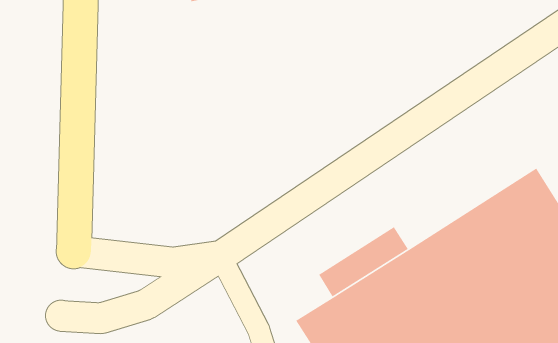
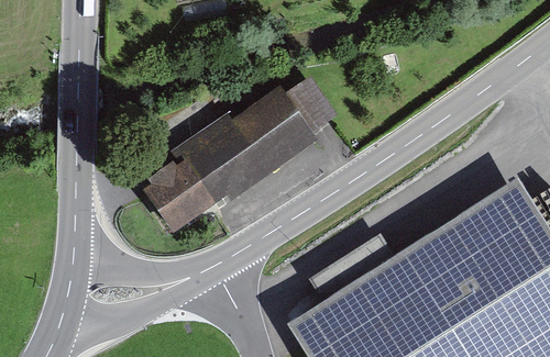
building: none -> [140,76,339,225]

